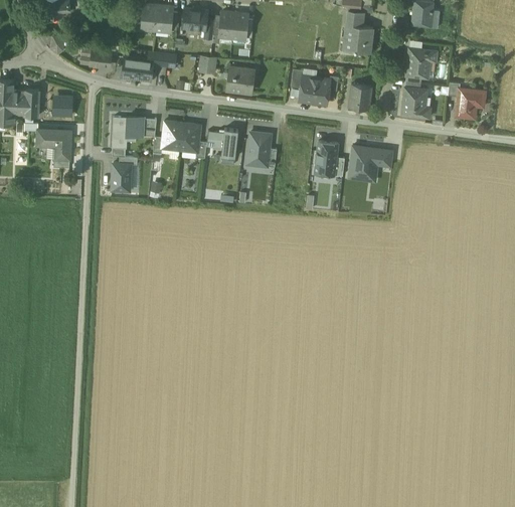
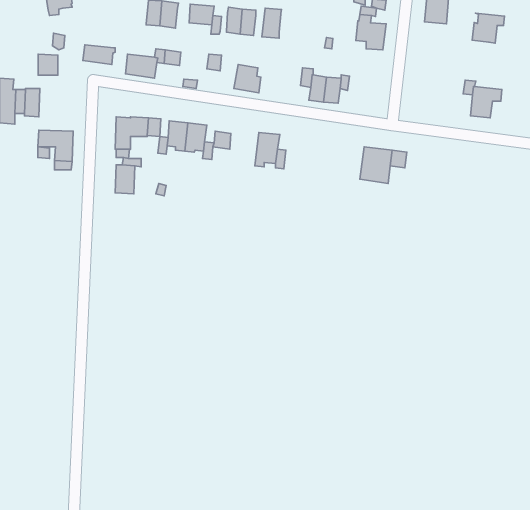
building: none -> [262,8,281,38]
building: [406,48,438,77] -> [472,13,505,43]
building: [349,84,372,110] -> none
building: [402,87,431,117] -> none
building: [54,95,73,115] -> [38,54,58,75]
building: [222,129,239,158] -> none
building: [315,140,340,174] -> none

